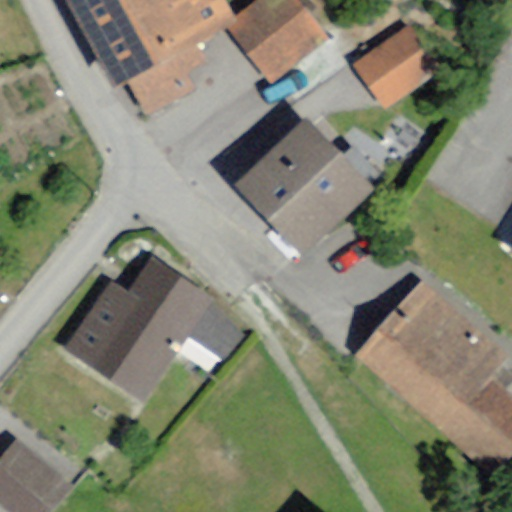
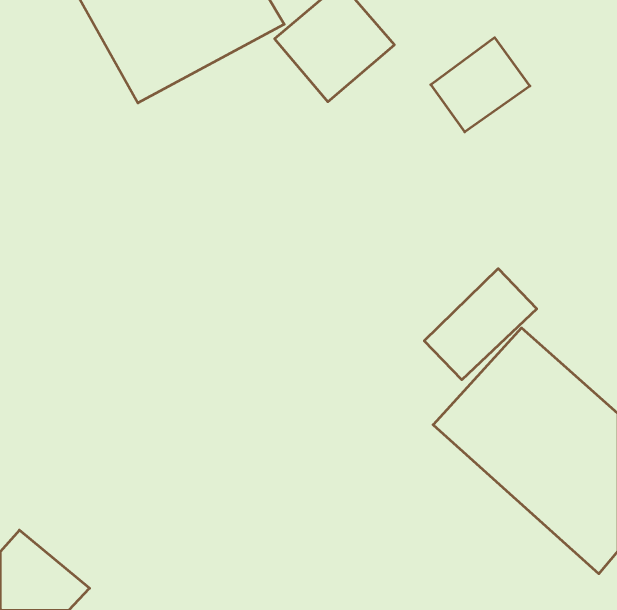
building: [238,119,373,253] -> none
building: none -> [424,269,537,380]
building: [58,259,210,401] -> none

